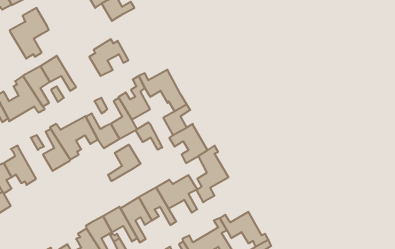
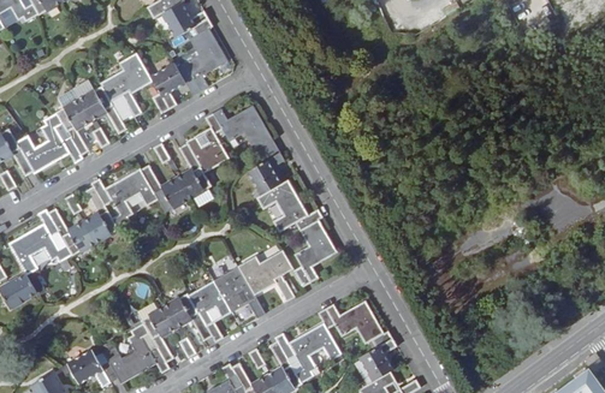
building: none -> [183,19,227,91]
building: [10,8,49,59] -> [99,52,153,121]
building: [136,122,162,150] -> none
building: [108,145,141,181] -> none
building: none -> [47,208,94,256]

